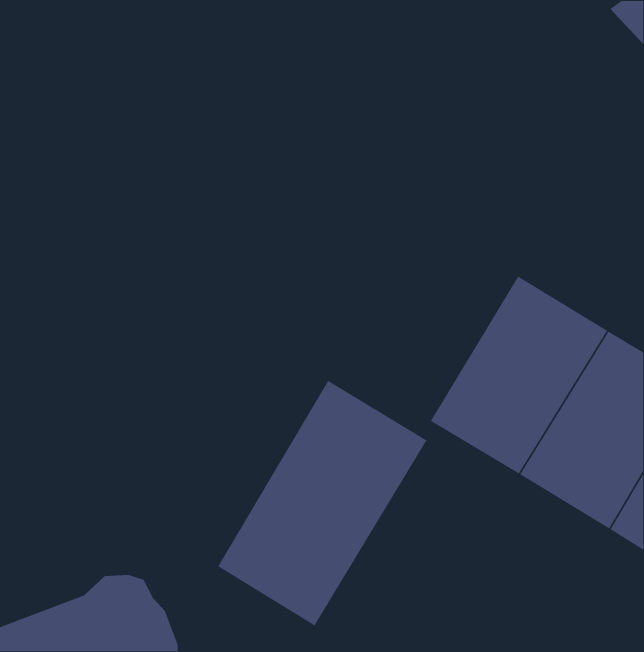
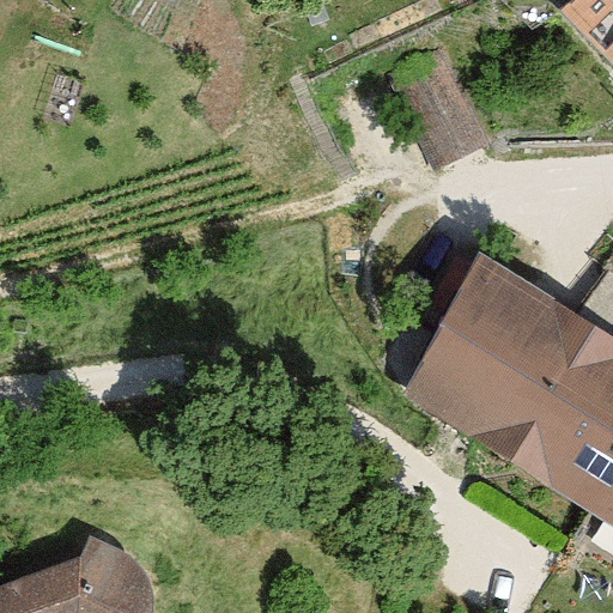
building: [217,380,428,627] -> none

